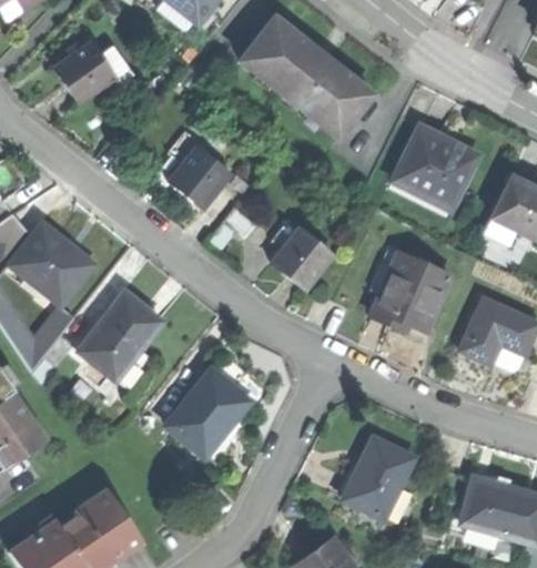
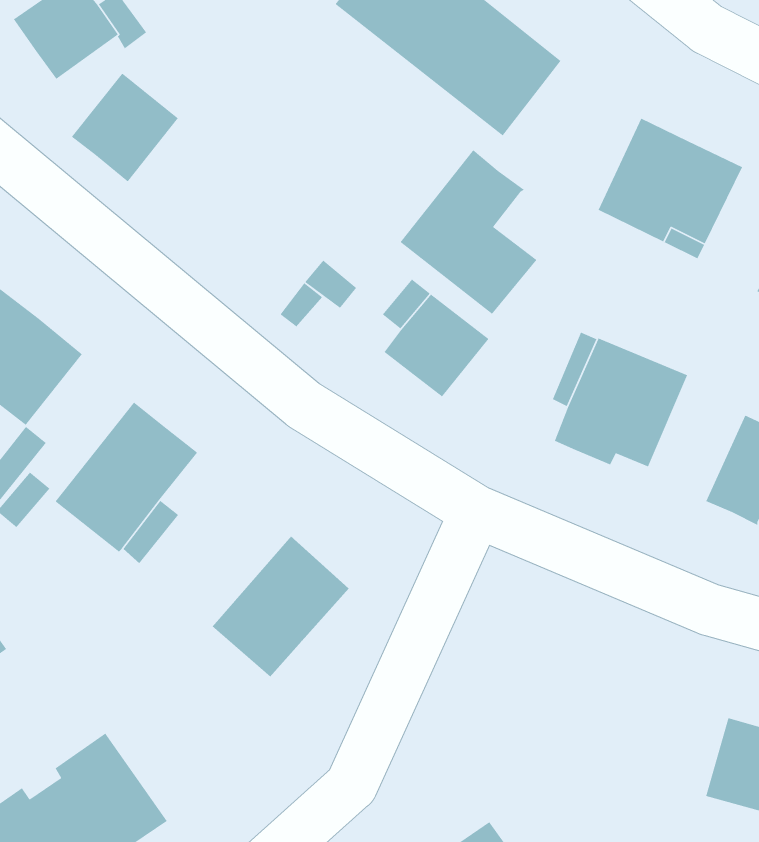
building: none -> [400,149,538,315]
building: [168,144,231,209] -> [71,73,179,182]
building: [342,438,412,518] -> none

